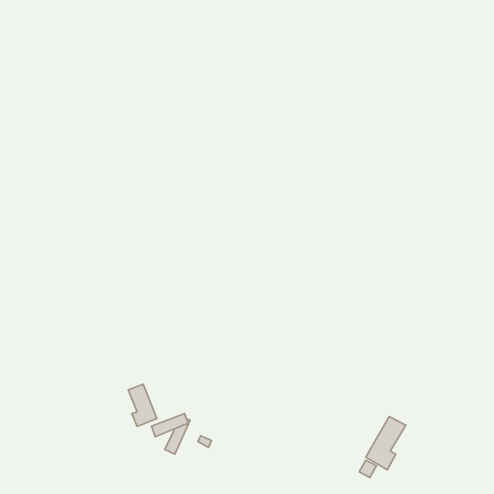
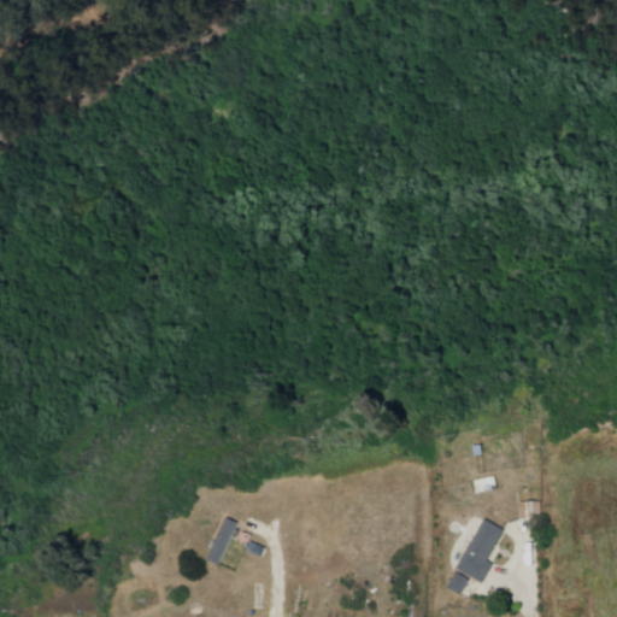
building: [128,384,157,427] -> none

